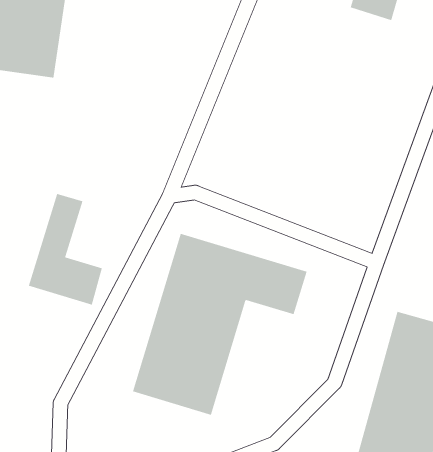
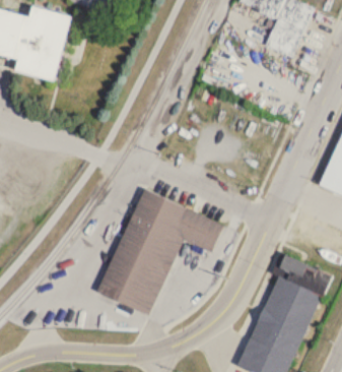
building: [28,193,102,305] -> none

